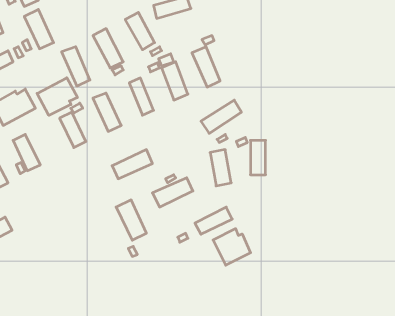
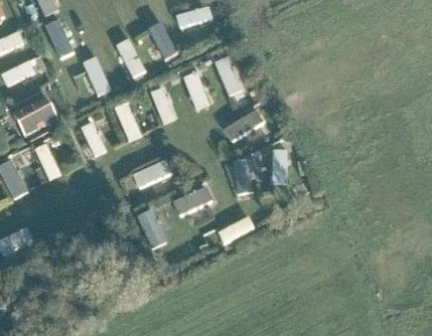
building: [37,78,77,115] -> none
building: [213,229,251,265] -> none

